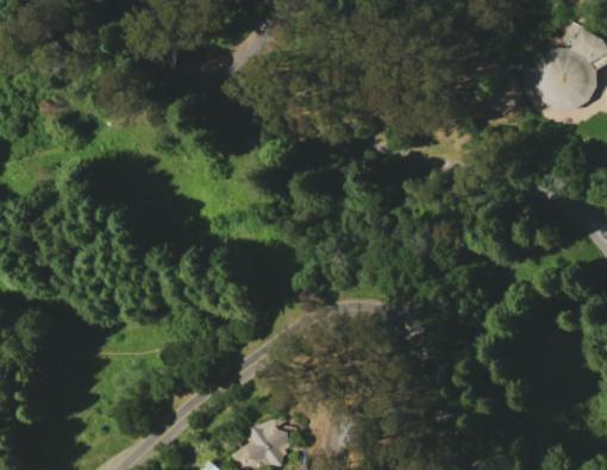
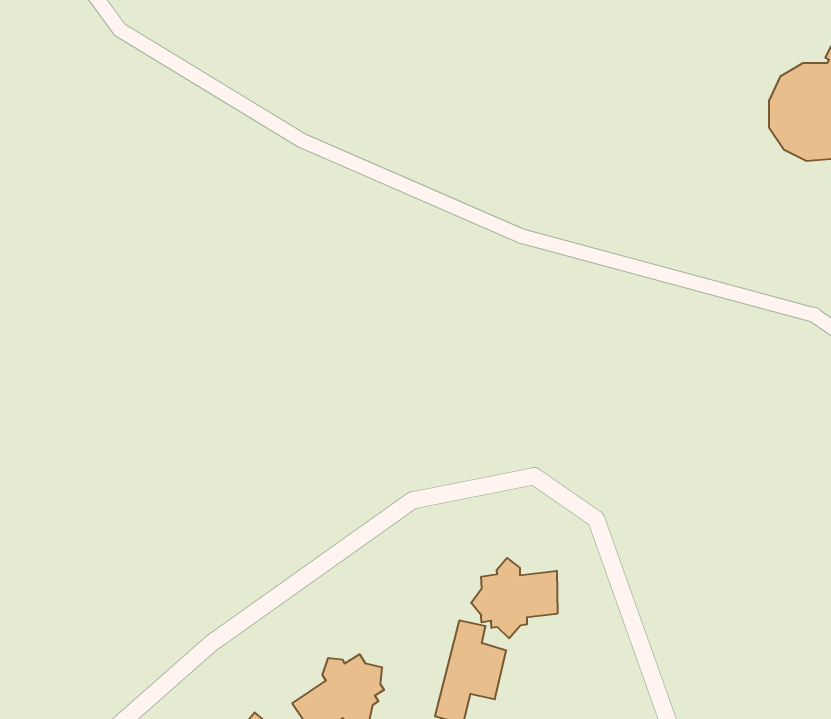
building: none -> [471,558,557,638]

